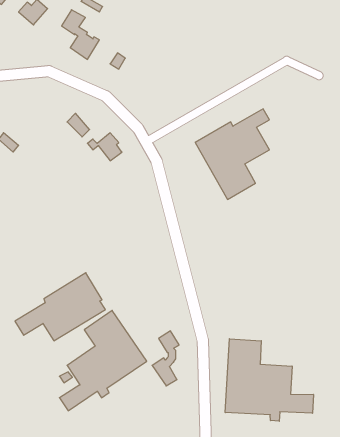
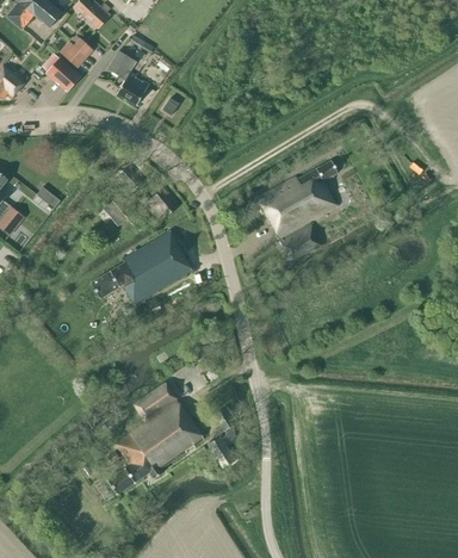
building: none -> [47,56,82,92]
building: [15,273,105,341] -> [91,229,191,304]
building: [225,339,313,421] -> none

